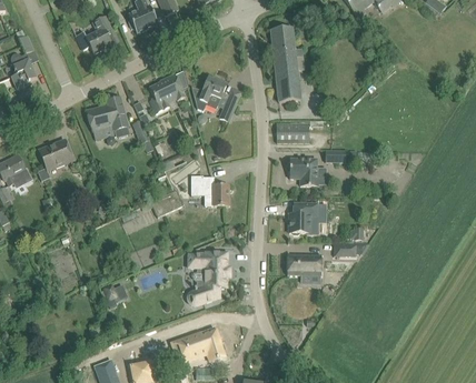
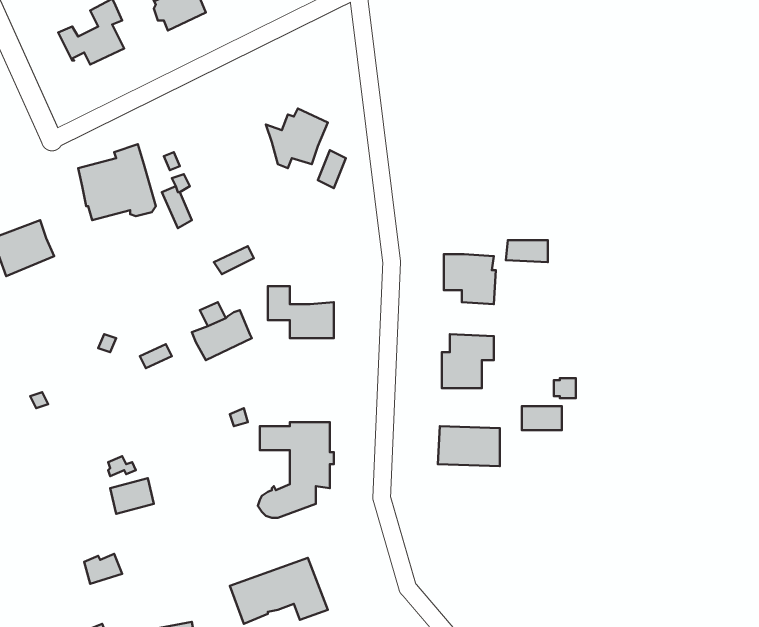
building: [269,27,303,101] -> none
building: [148,73,185,113] -> none
building: [276,122,308,142] -> none

